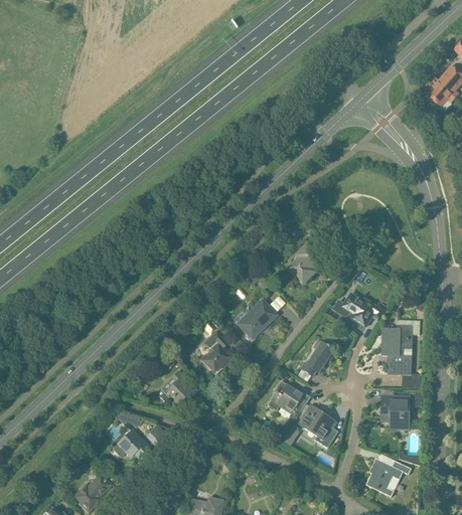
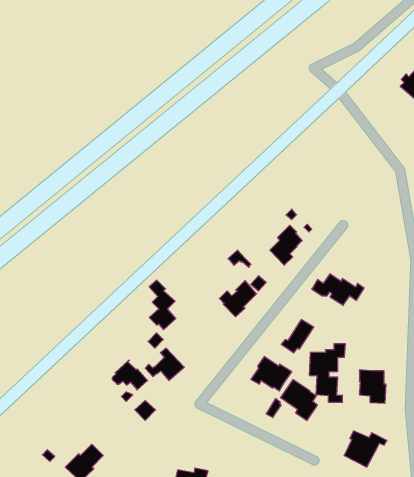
building: [201,320,229,372] -> [149,280,176,330]
building: [382,320,421,381] -> [309,344,345,402]
building: [115,430,152,461] -> [112,360,148,390]

